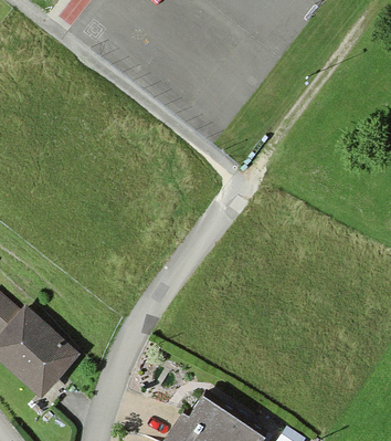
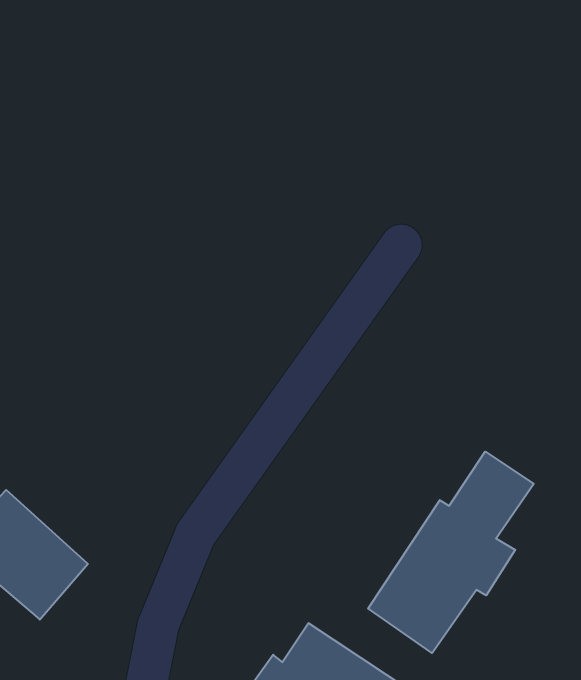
building: none -> [368,452,534,653]

